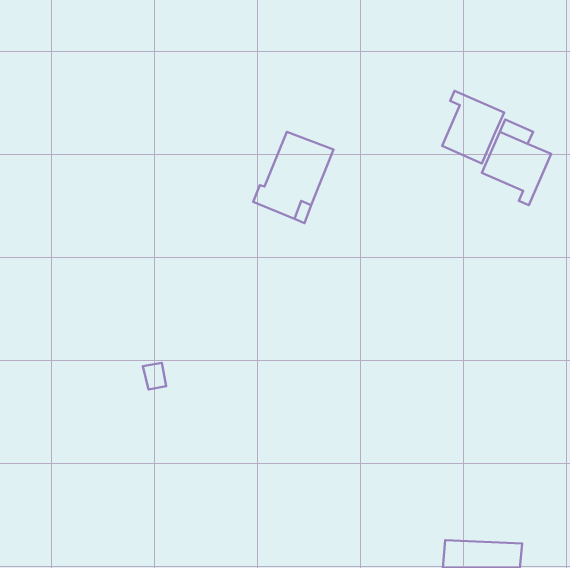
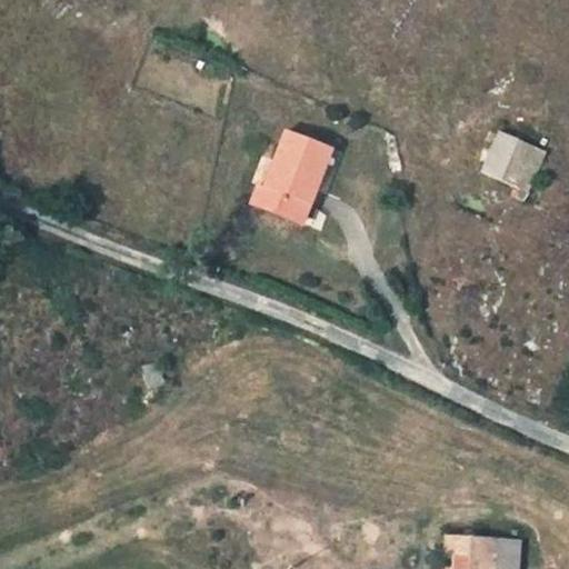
building: [442,91,504,163] -> none

